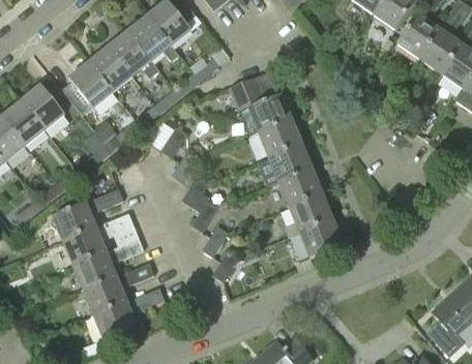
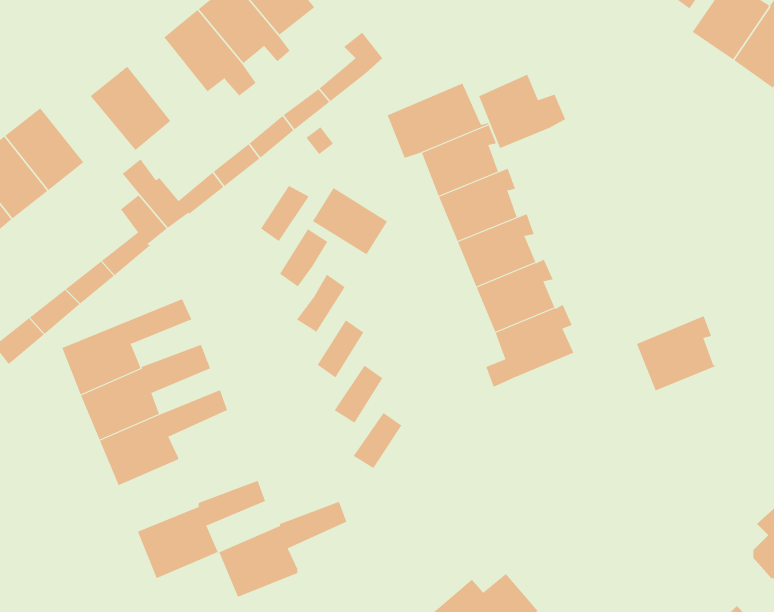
building: [88,46,131,91] -> none
building: none -> [478,74,566,149]
building: none -> [312,187,388,255]
building: [299,216,343,257] -> [636,316,716,391]
building: [83,263,153,315] -> [219,501,347,598]

